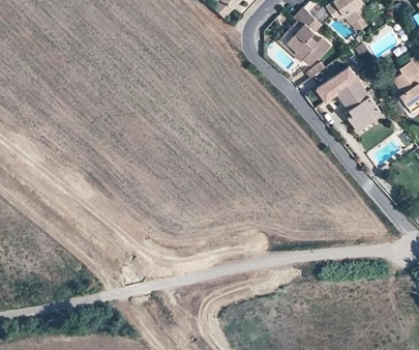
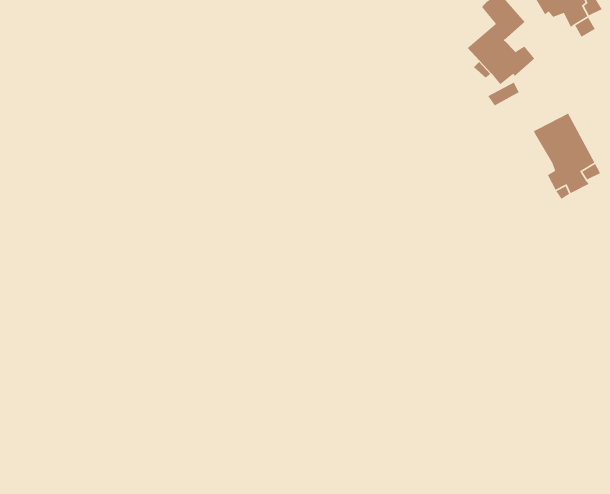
building: [316,66,355,100] -> none

